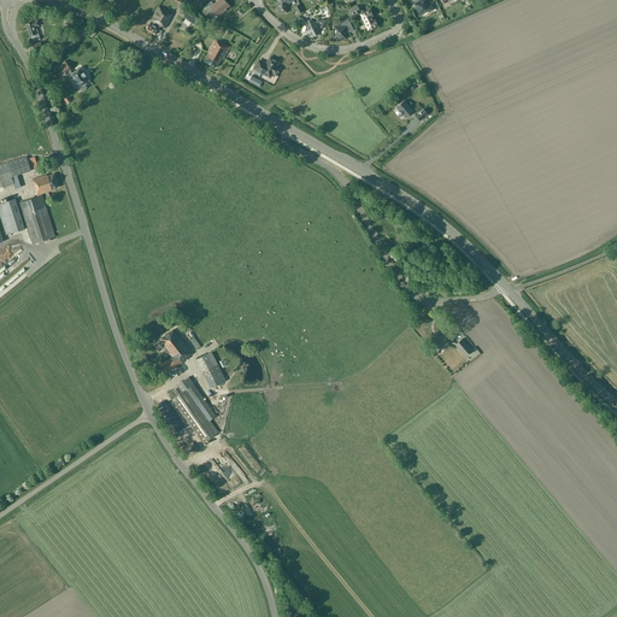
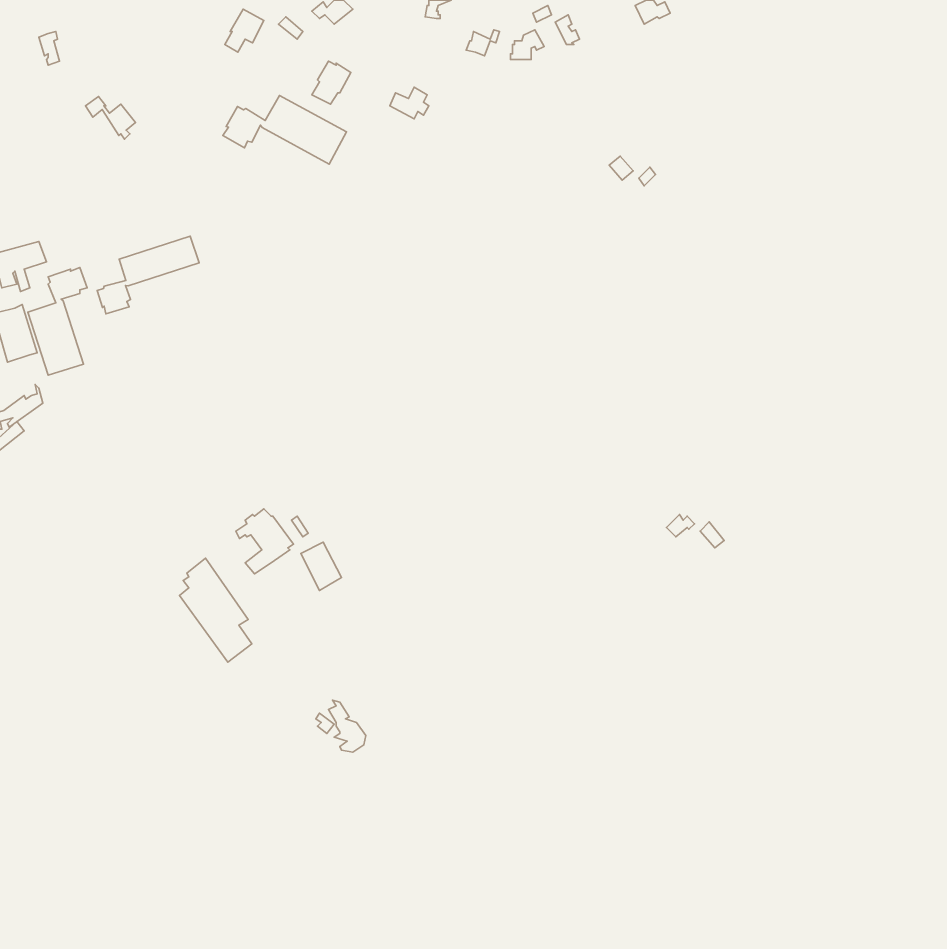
building: none -> [223,95,346,164]
building: none -> [97,236,199,314]
building: [170,376,217,443] -> [179,558,252,662]

